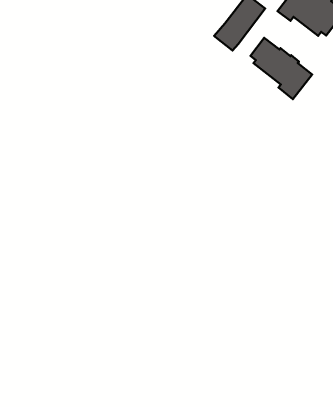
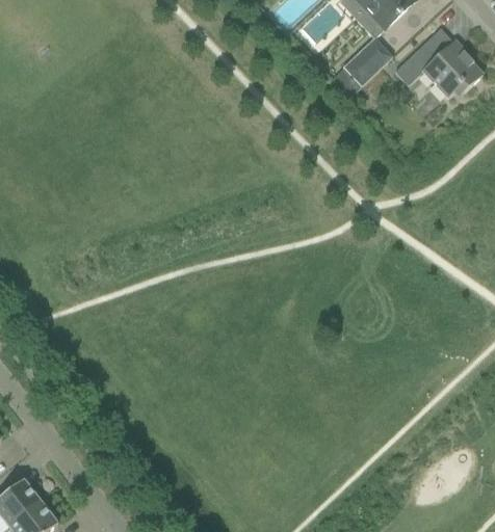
building: [250,38,312,99] -> none

